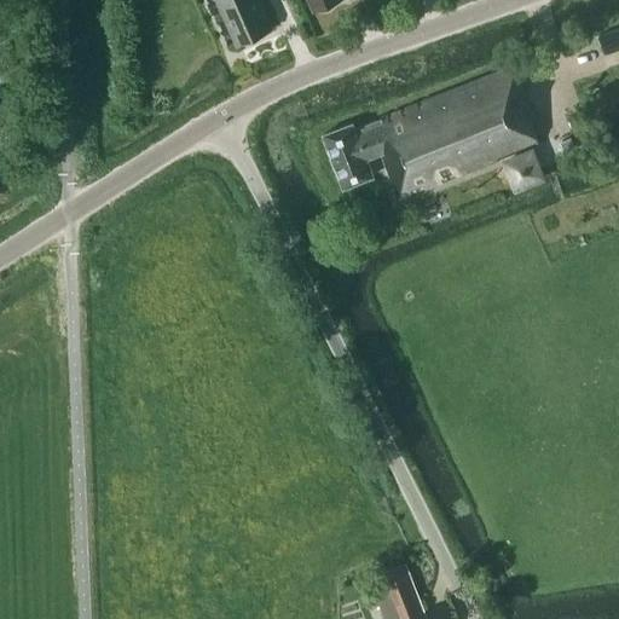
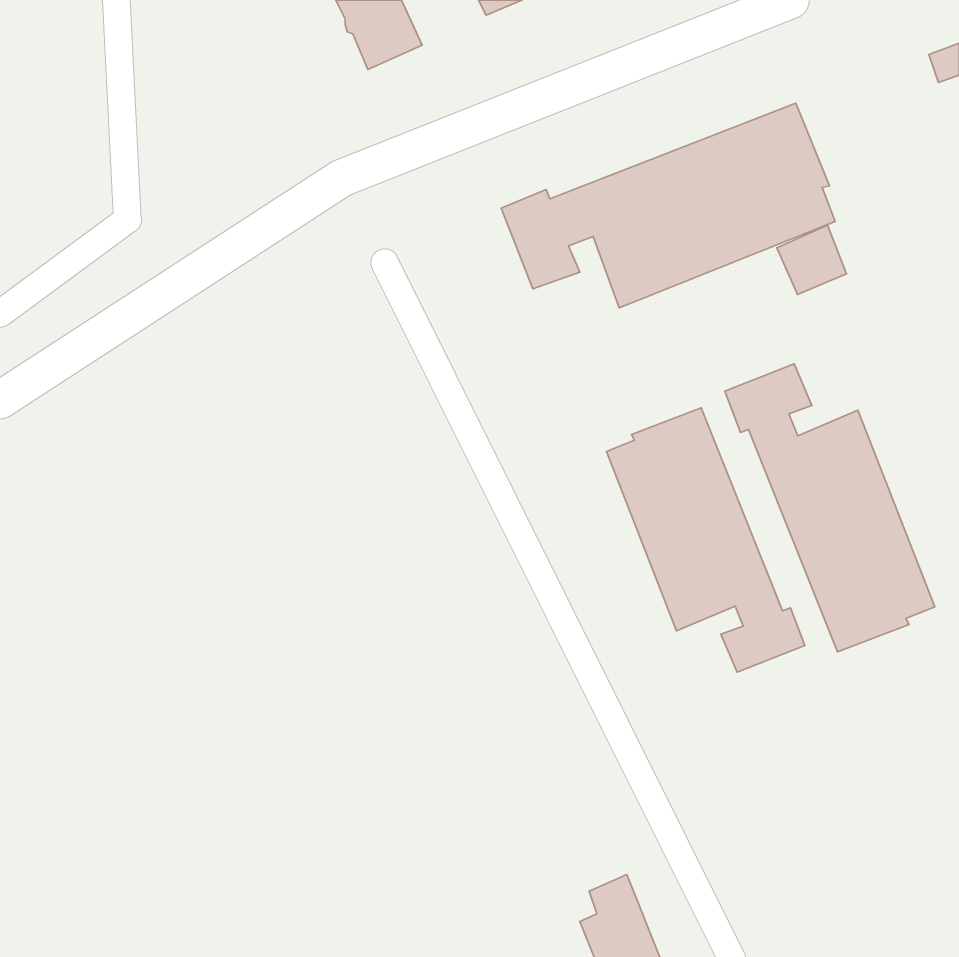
building: none -> [725,364,935,652]
building: none -> [606,408,805,672]

